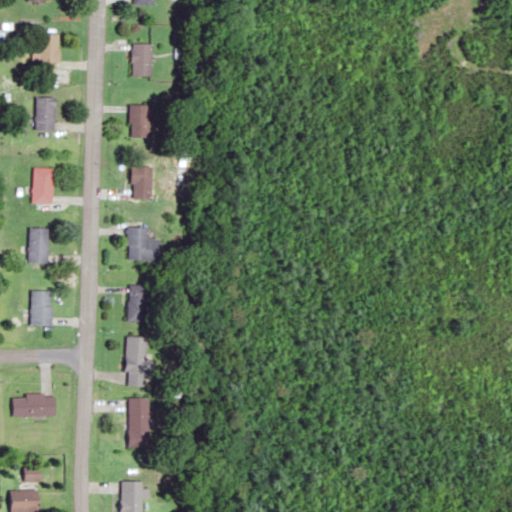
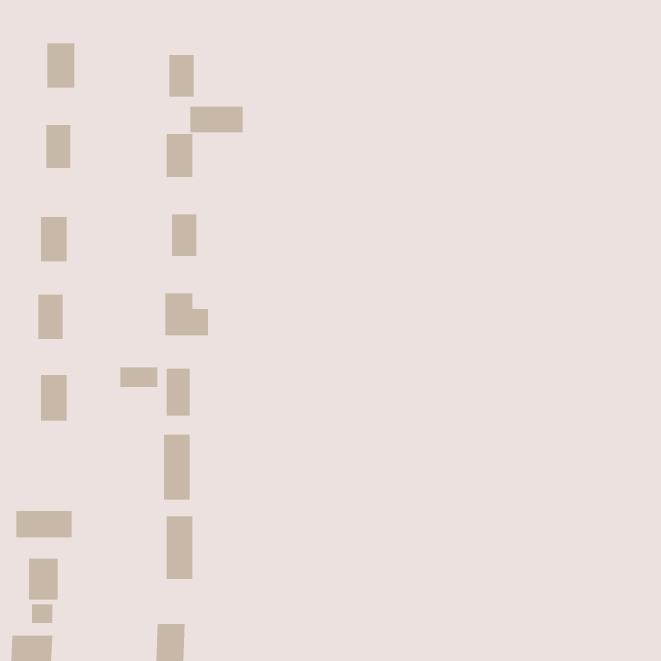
building: none -> [190,106,243,133]
building: none -> [120,367,158,388]
building: none -> [29,558,58,600]

